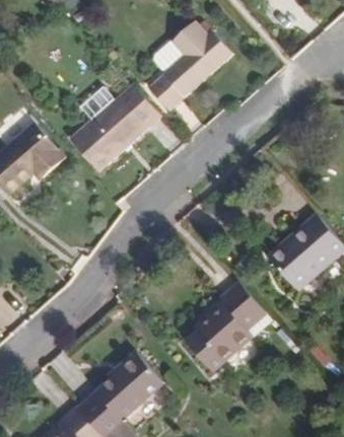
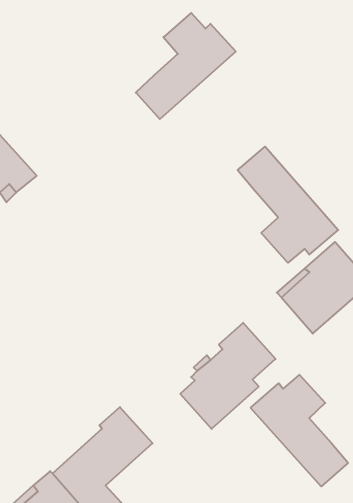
building: [69,83,161,172] -> none
building: none -> [238,147,338,263]
building: none -> [251,375,348,486]

